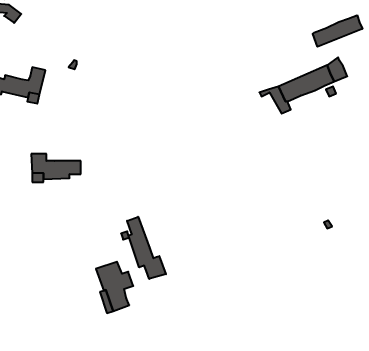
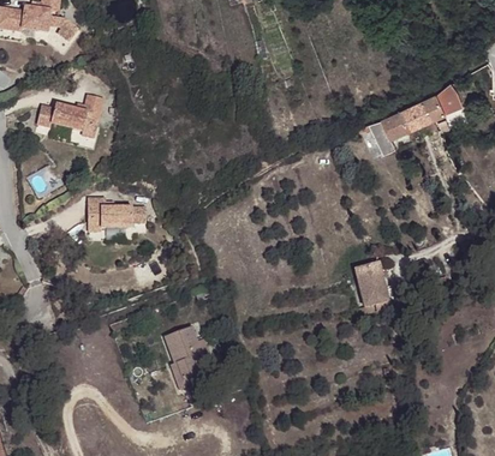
building: [313,15,362,47] -> none
building: none -> [357,264,390,313]
building: [127,217,166,279] -> none

